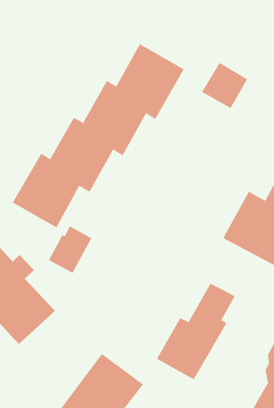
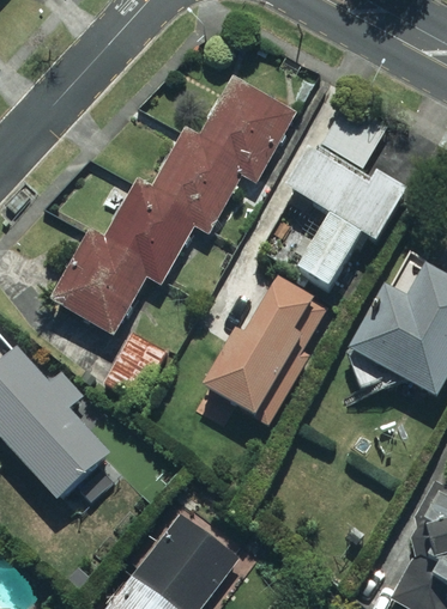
building: none -> [289,150,409,287]
building: [156,283,236,380] -> [204,279,316,416]

